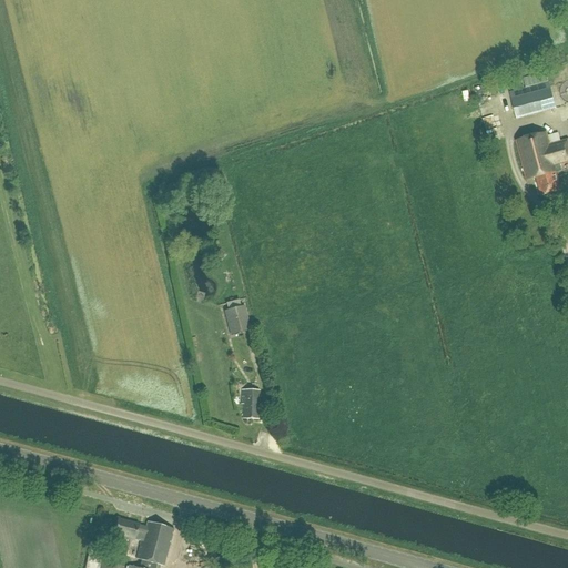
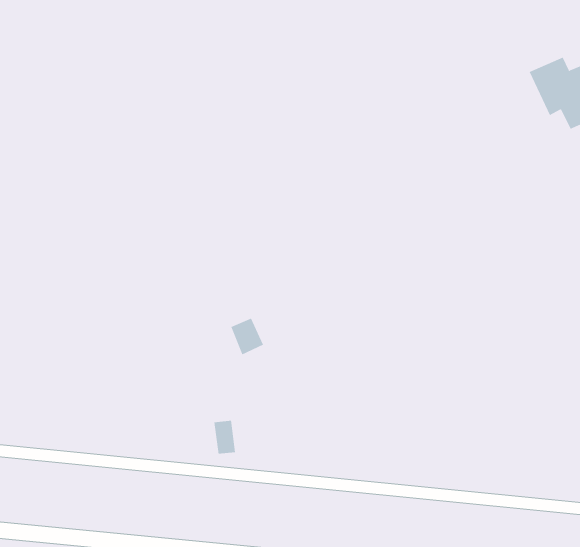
building: [510,85,555,116] -> none
building: [242,387,258,416] -> [214,420,236,454]

